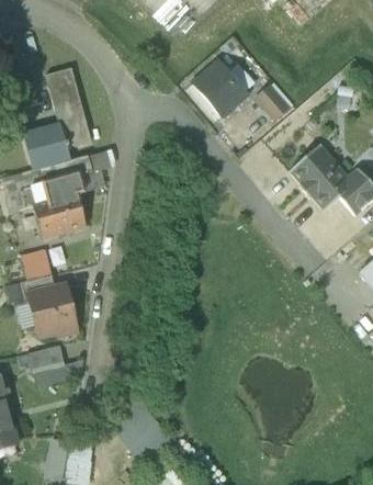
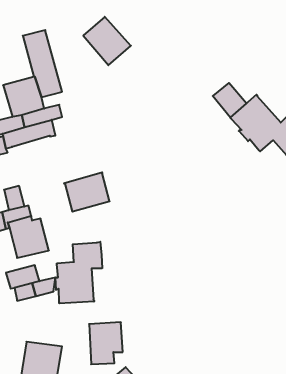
building: [193,59,249,116] -> [83,17,131,65]
building: [253,79,293,120] -> [213,83,246,117]
building: [33,192,87,238] -> [64,172,110,212]
building: none -> [55,242,102,303]

